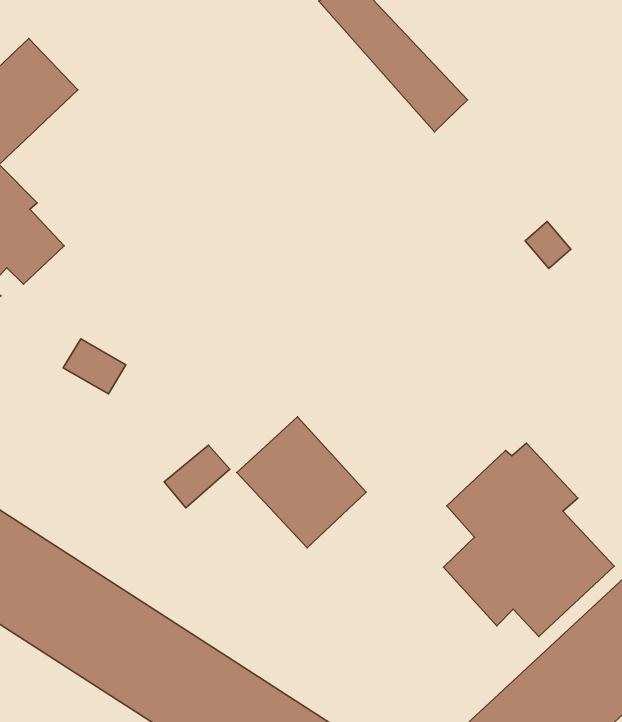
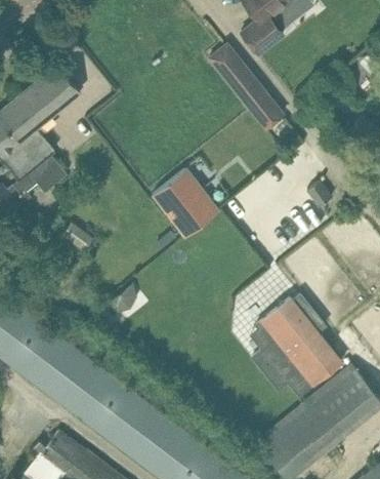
building: [237,417,366,548] -> [152,168,218,237]

